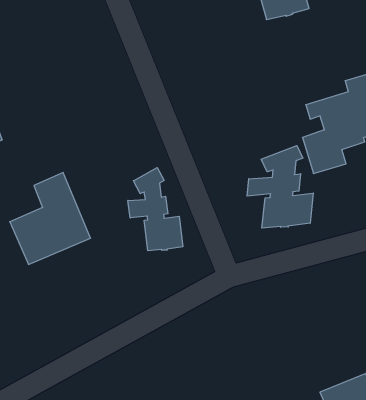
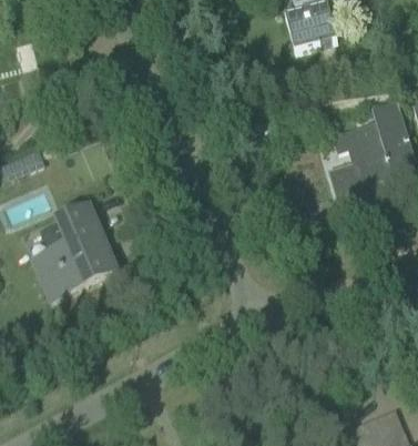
building: [247,146,313,228] -> none
building: [128,168,183,251] -> none

